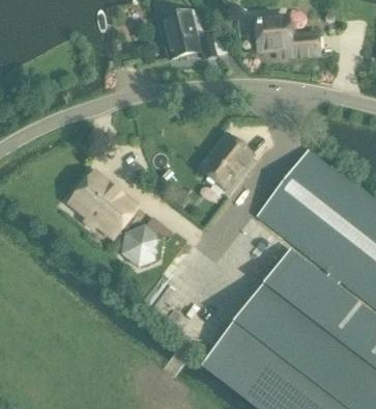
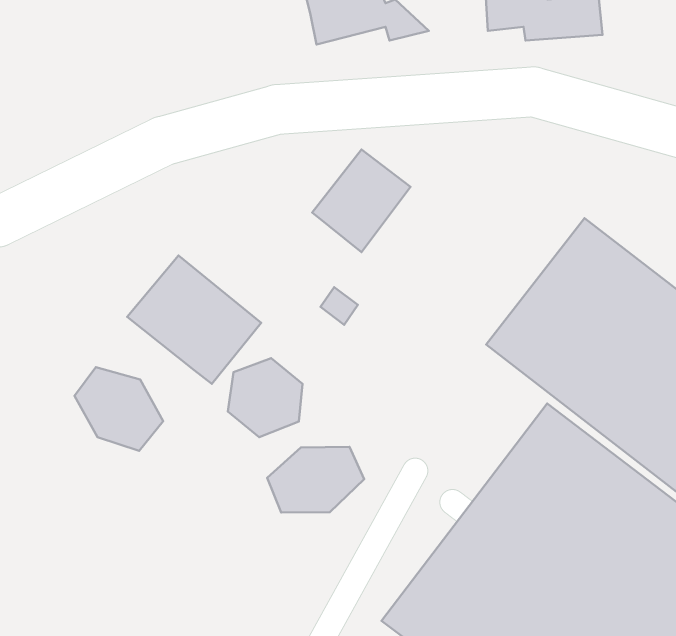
building: [200,136,252,190] -> [312,149,411,252]
building: none -> [74,367,163,451]
building: none -> [267,447,364,513]

